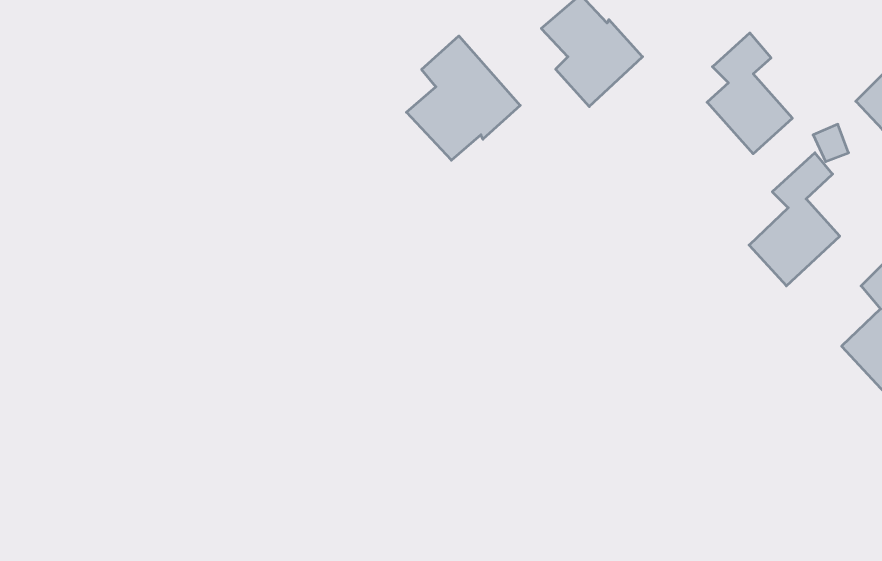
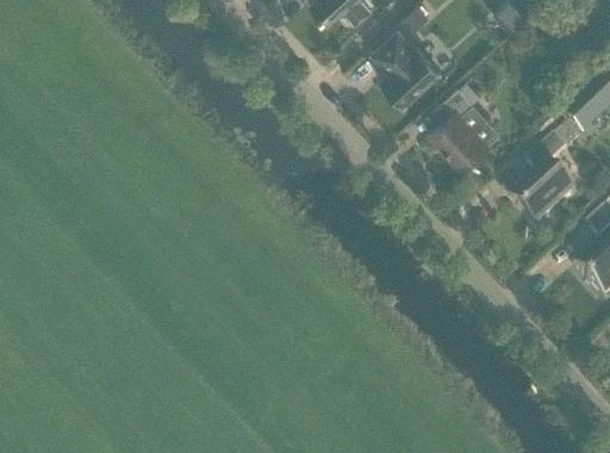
building: [707,33,792,154] -> [434,87,491,168]
building: [406,36,520,160] -> none

